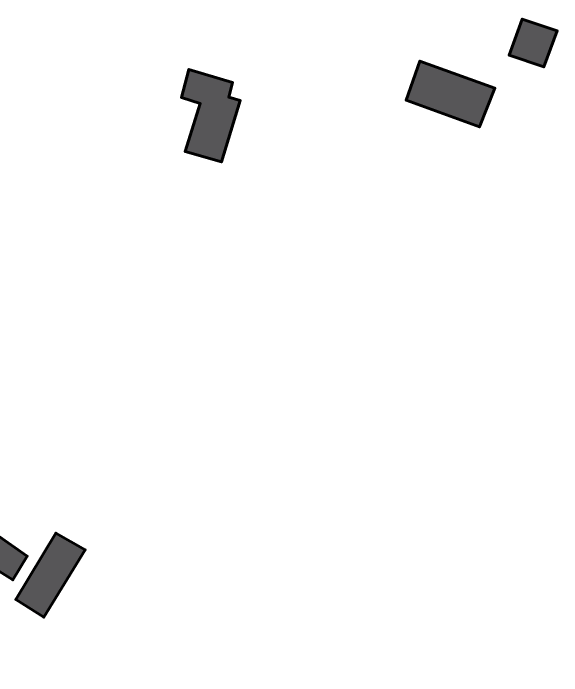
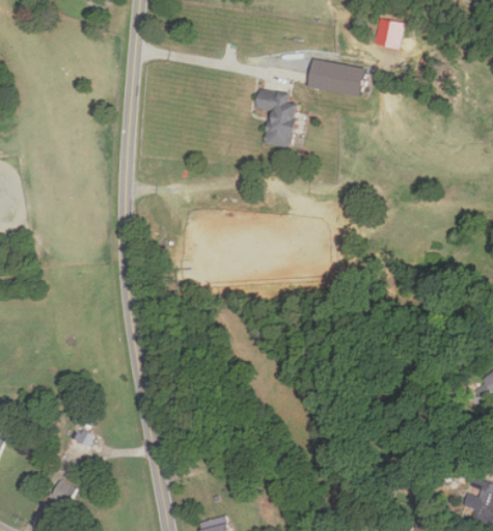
building: [181,70,240,162] -> [254,88,295,147]
building: [16,533,85,617] -> none

